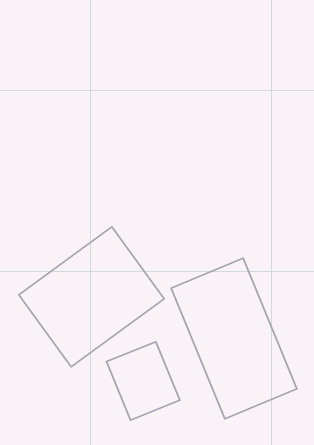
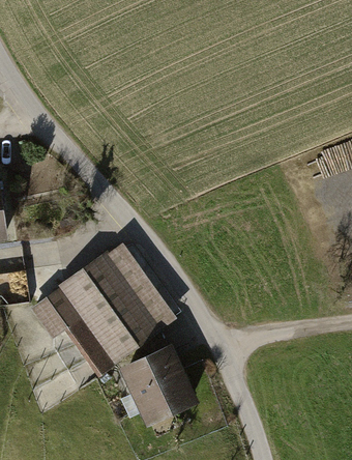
building: [171,258,297,419] -> none

